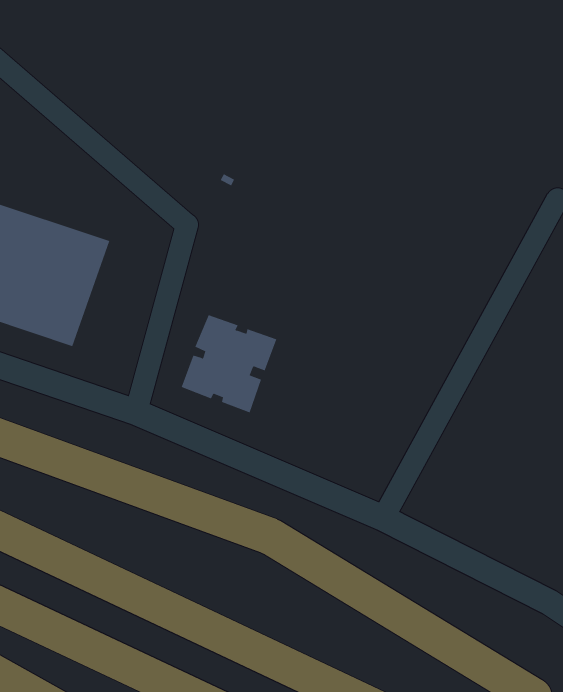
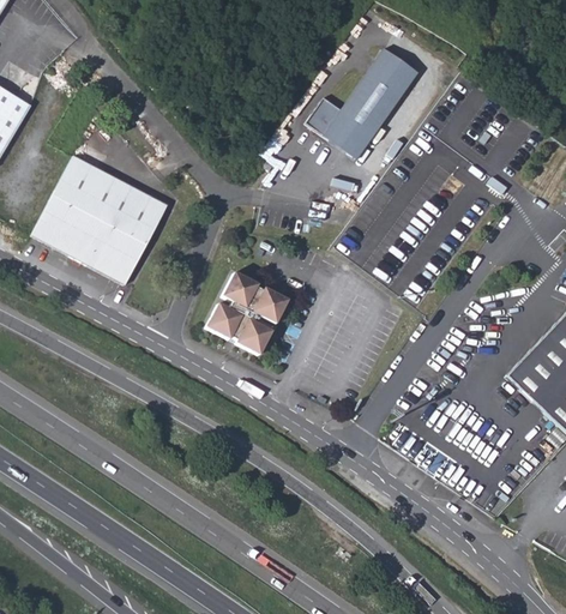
building: none -> [308,50,419,158]

